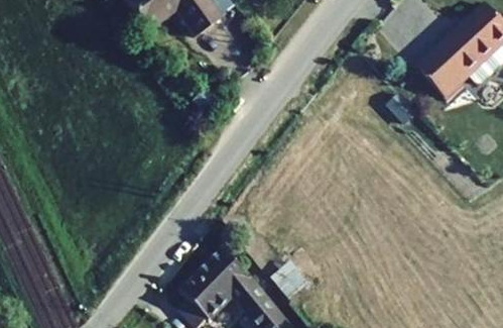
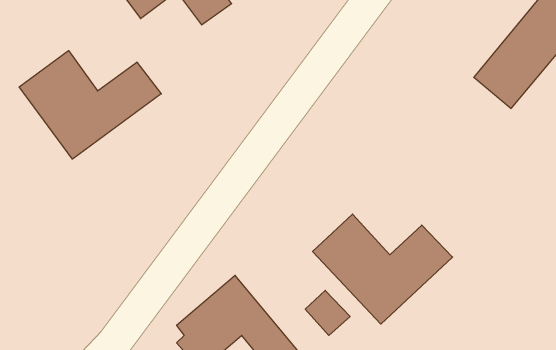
building: none -> [19,51,161,159]
building: none -> [313,214,453,324]

